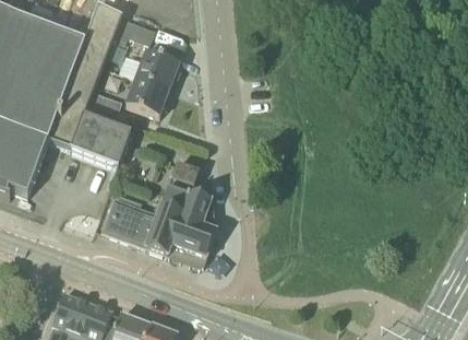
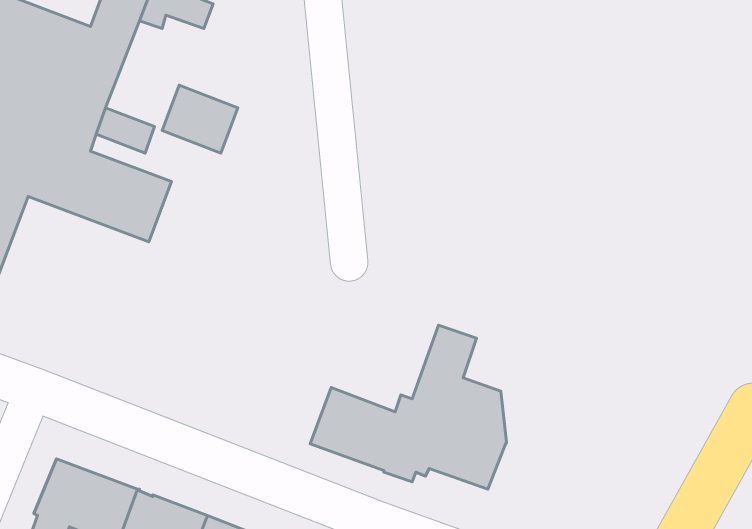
building: [119,48,179,87] -> none
building: [103,161,216,256] -> [310,325,507,489]

